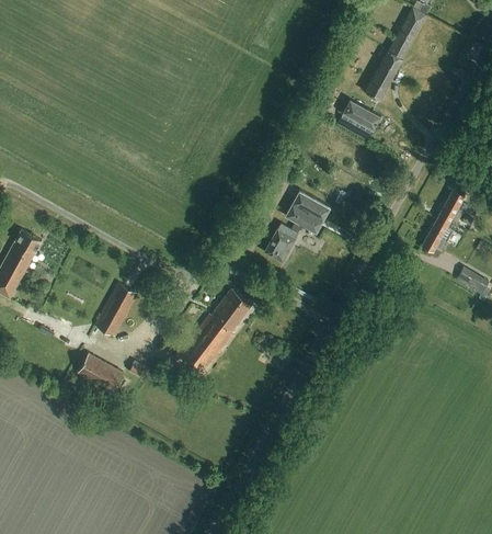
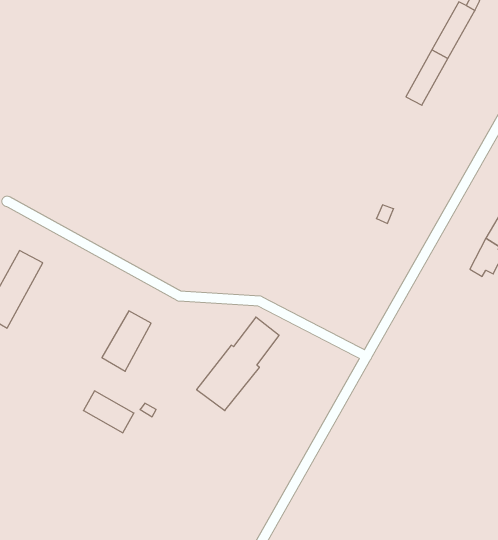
building: [337,100,381,141] -> none
building: [264,191,331,263] -> none

